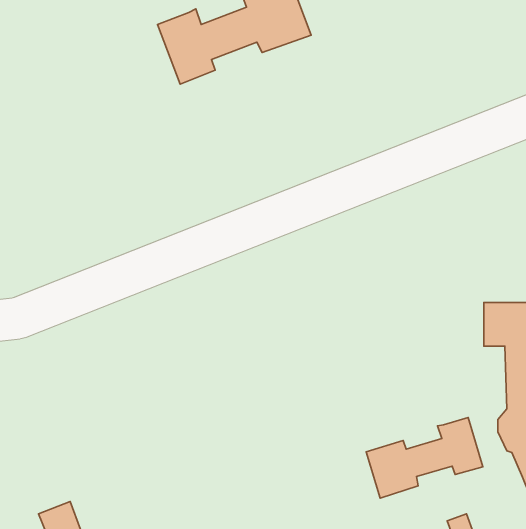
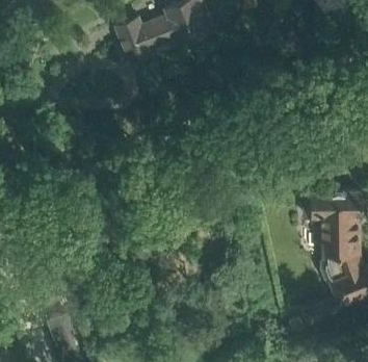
building: [366,417,483,498] -> none

